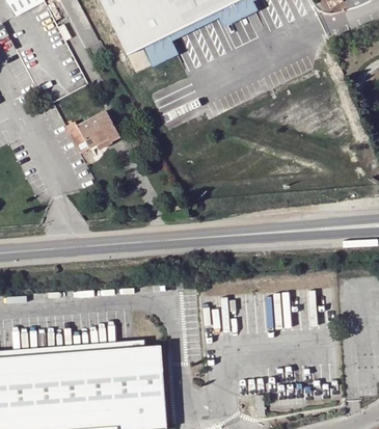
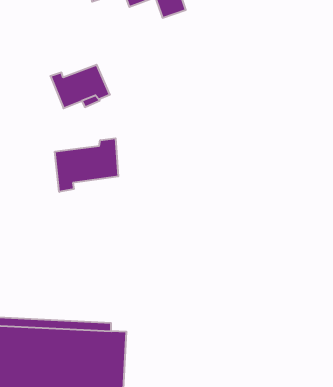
building: none -> [55,138,118,192]

